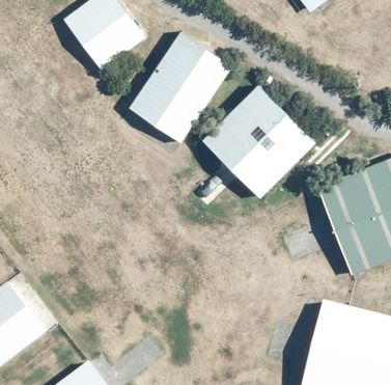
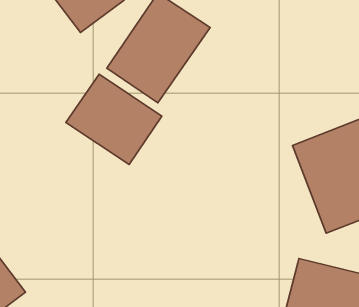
building: [201,82,316,196] -> none
building: none -> [66,74,162,164]

